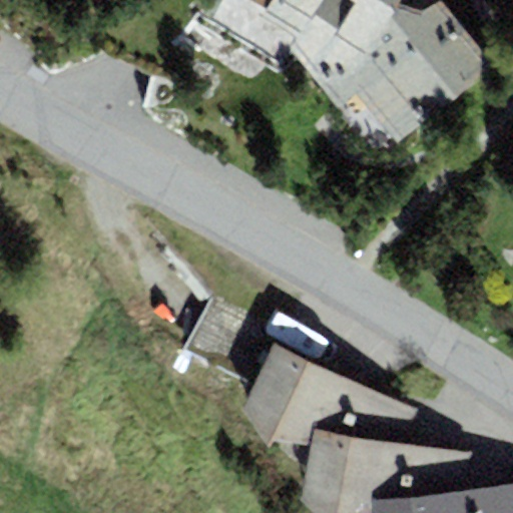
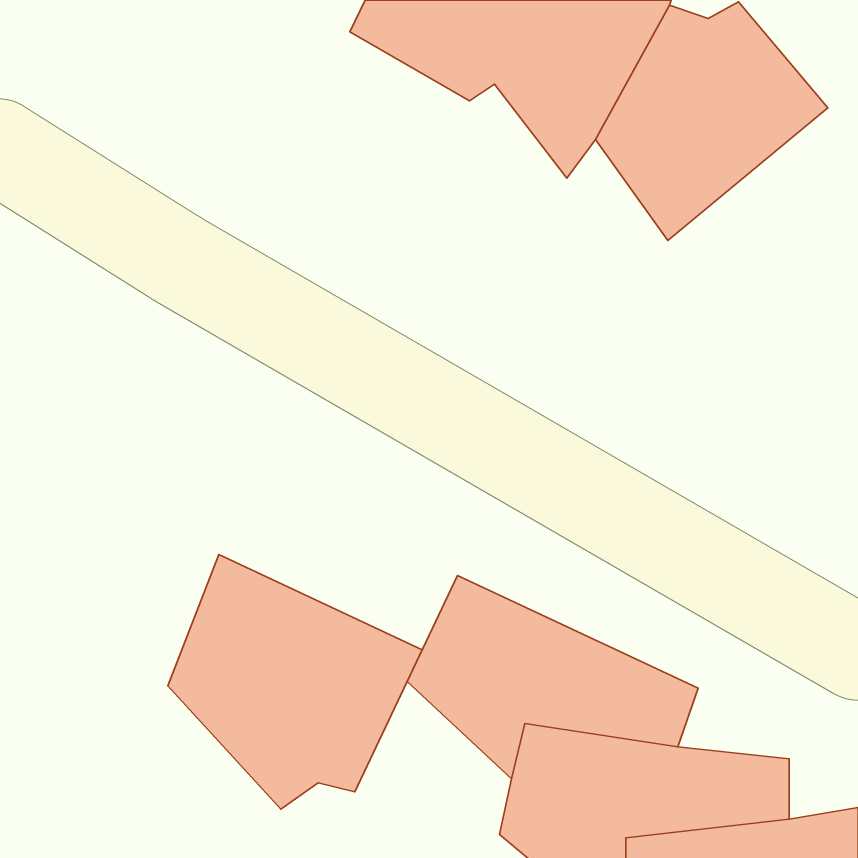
building: none -> [168,554,422,809]

